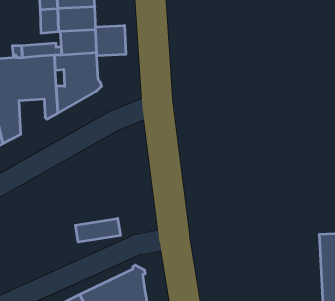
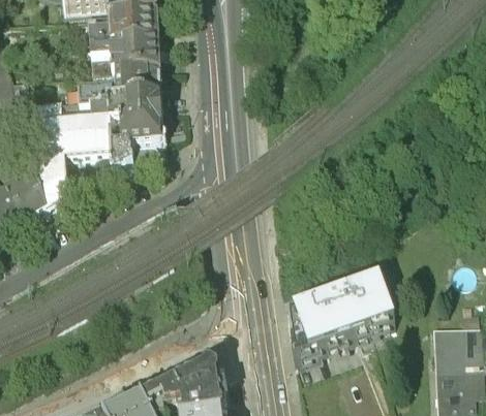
building: [96,25,126,56] -> none
building: none -> [286,274,394,352]
building: [75,218,121,242] -> none

